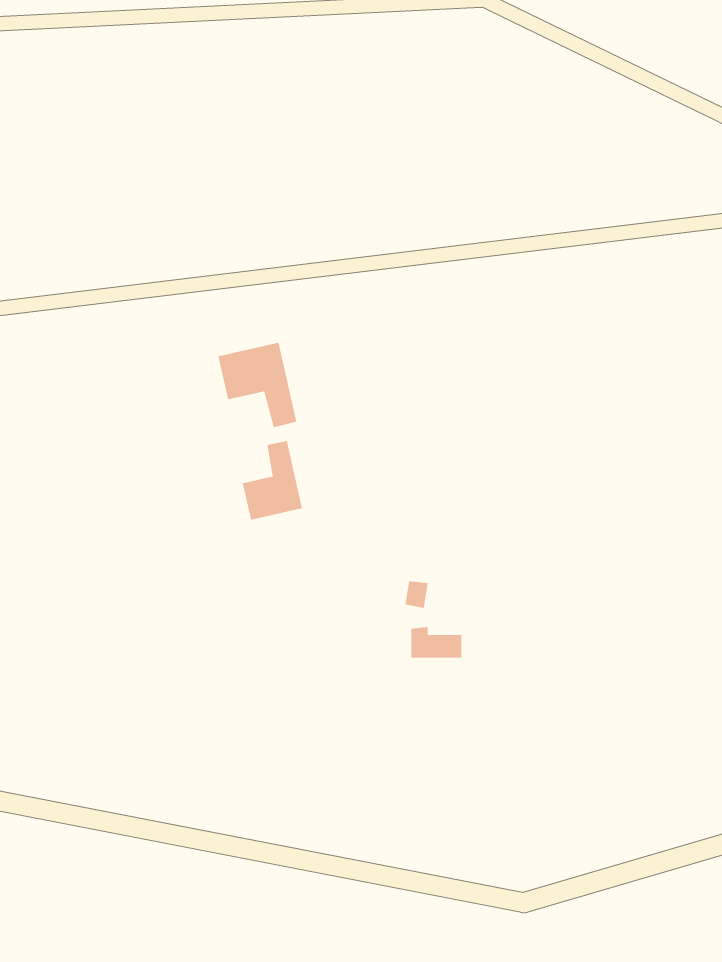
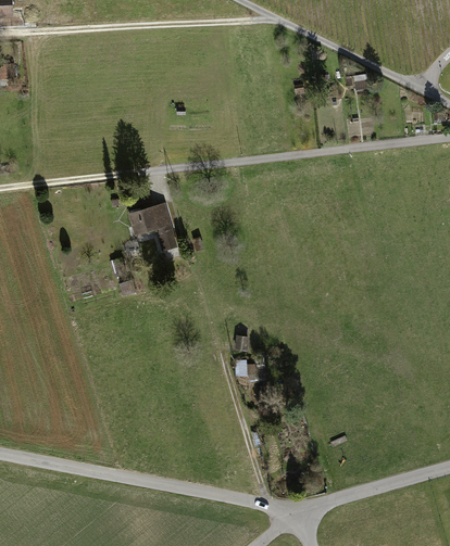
building: [242,440,303,520] -> none

